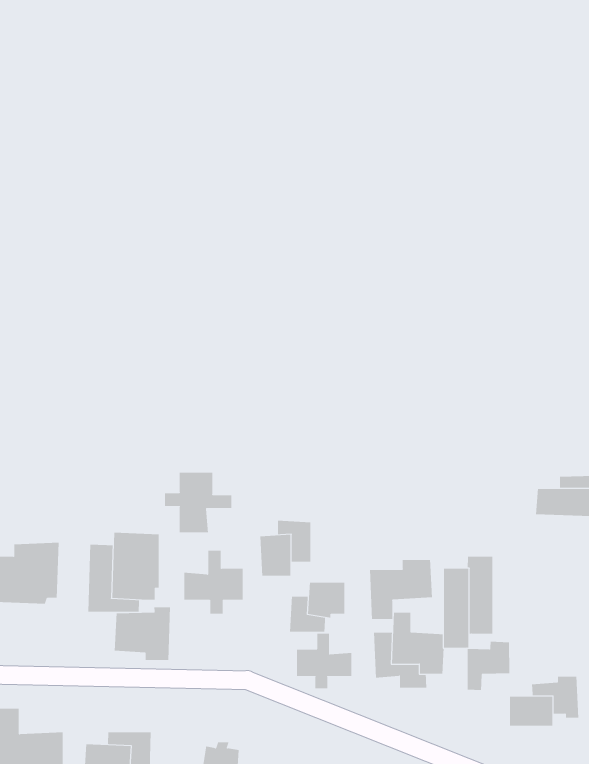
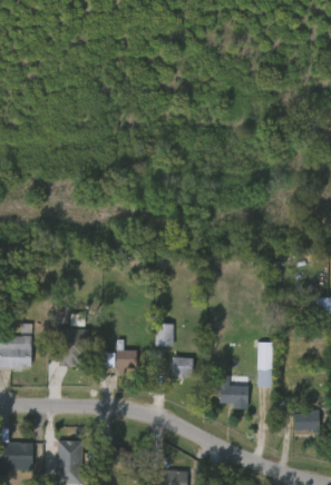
building: [165,472,232,533] -> none
building: [369,559,433,620] -> none
building: [114,606,171,661] -> none
building: [296,633,352,689] -> none
building: [467,641,510,691] -> none

